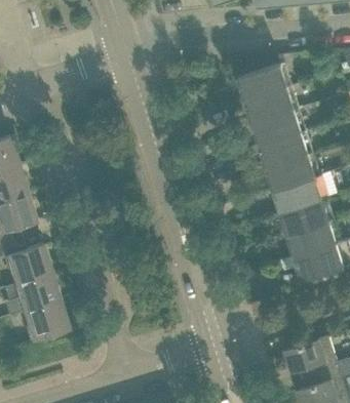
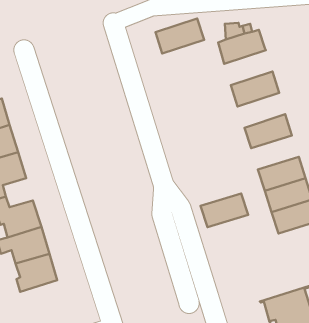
building: [243,85,295,122] -> [156,19,204,53]
building: [258,130,308,167] -> none
building: [272,175,322,211] -> [201,193,248,227]

